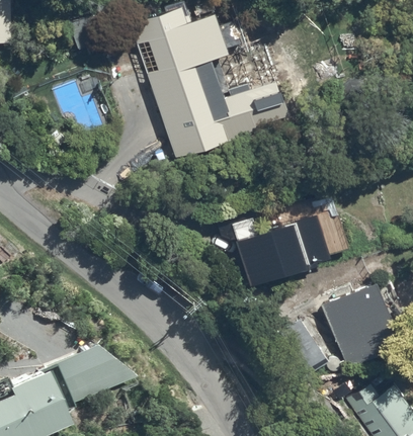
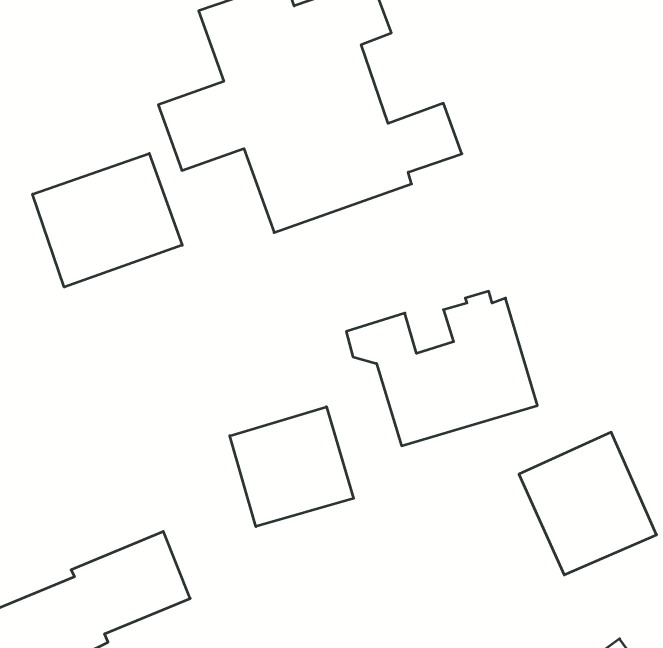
building: none -> [33,153,182,287]
building: none -> [230,407,354,527]

